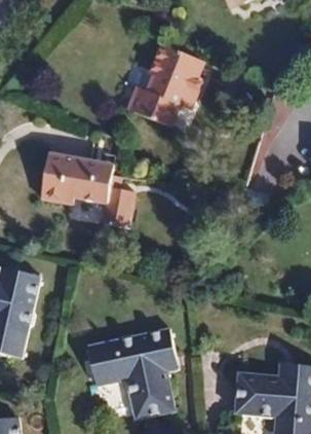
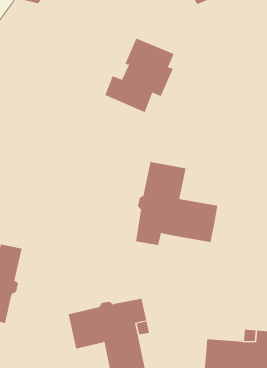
building: [40,152,134,227] -> none
building: none -> [135,161,218,246]

